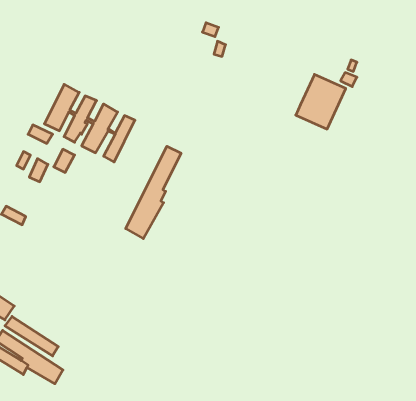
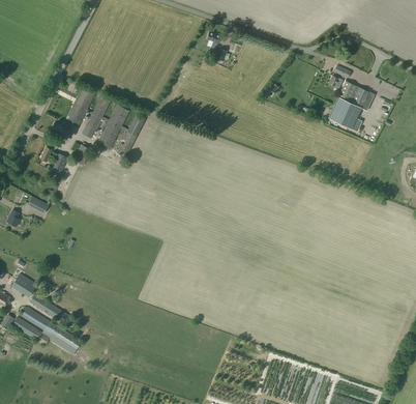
building: [296,74,346,129] -> [329,83,374,132]
building: [126,146,181,239] -> none

